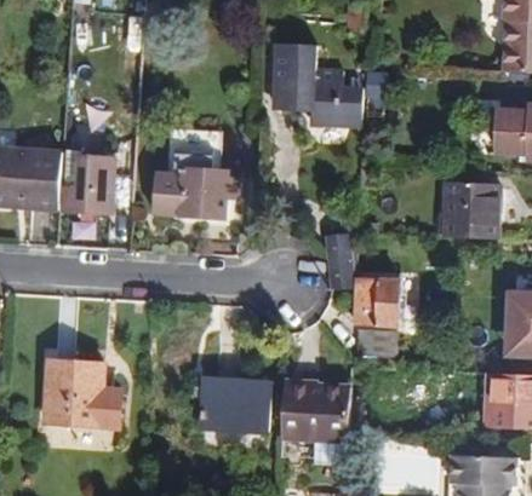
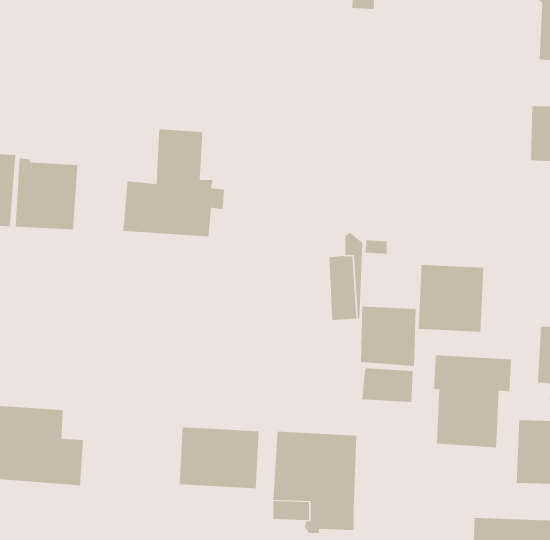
building: [274,42,362,127] -> none
building: [444,181,499,238] -> [418,265,484,332]
building: none -> [434,355,511,448]

